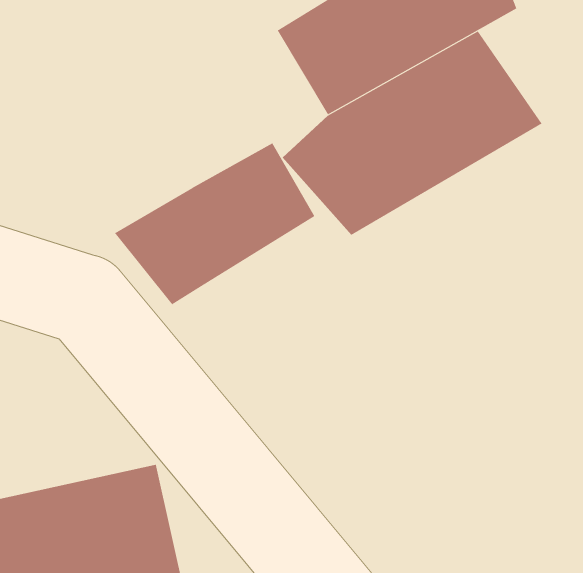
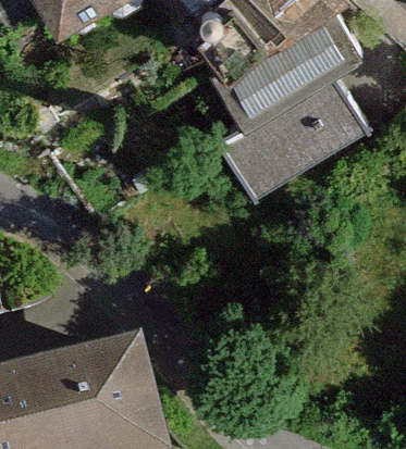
building: [114,142,315,305] -> none

